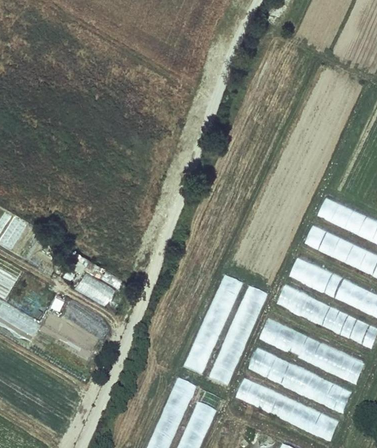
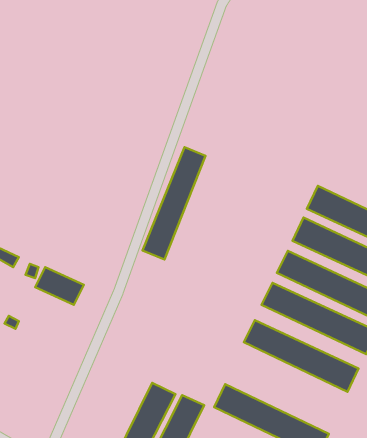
building: [184,275,241,377] -> [143,147,205,259]
building: [210,286,265,387] -> none
building: [247,349,352,414] -> none

